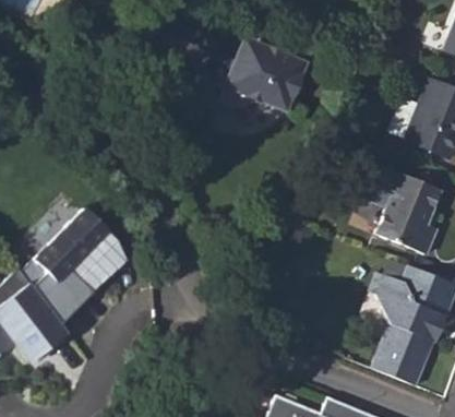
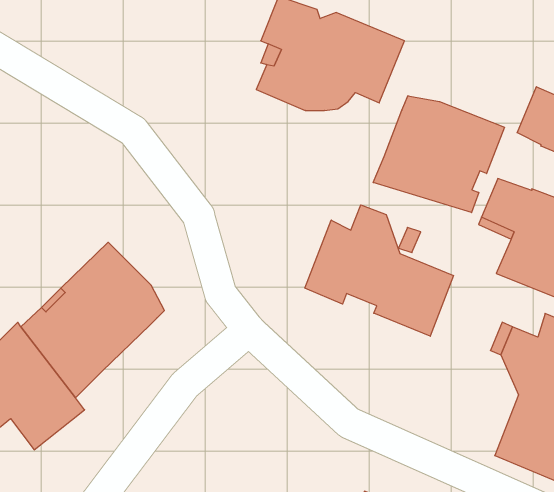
building: none -> [373,96,504,213]
building: none -> [305,205,454,336]

